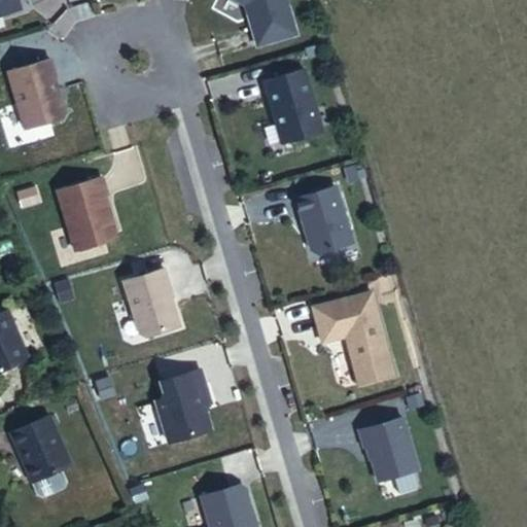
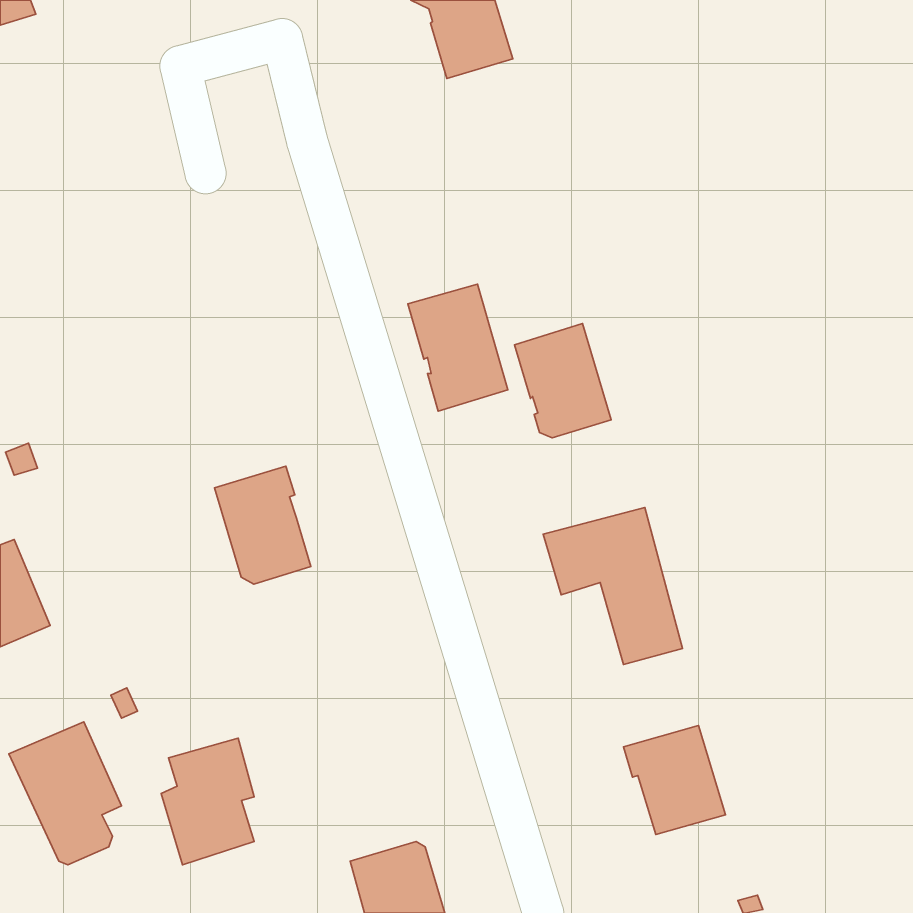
building: [8,60,64,128] -> none
building: [265,70,322,143] -> [408,284,508,411]
building: [58,177,116,250] -> none
building: [156,370,210,443] -> [161,738,254,865]

